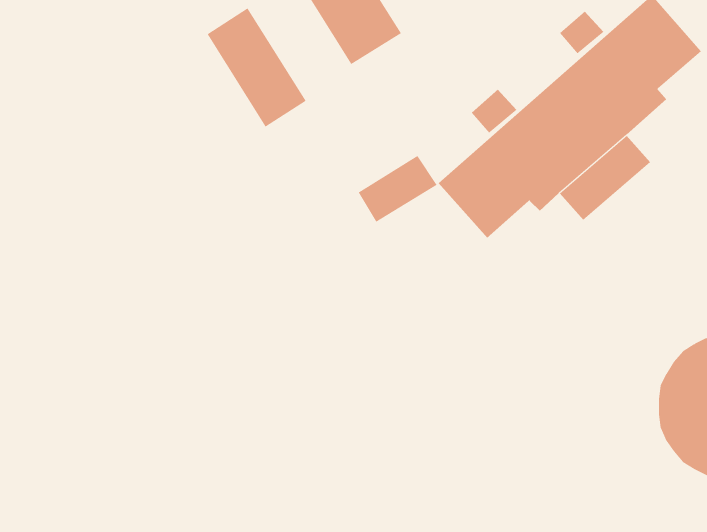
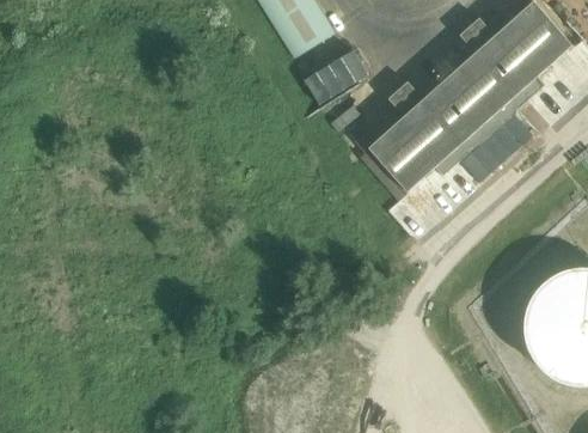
building: [207,8,306,127] -> none
building: [358,155,437,222] -> [304,49,367,103]

